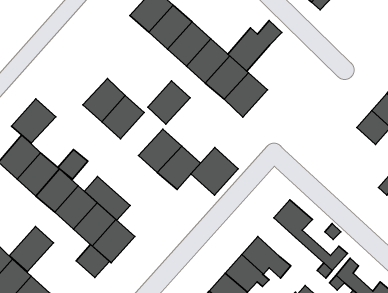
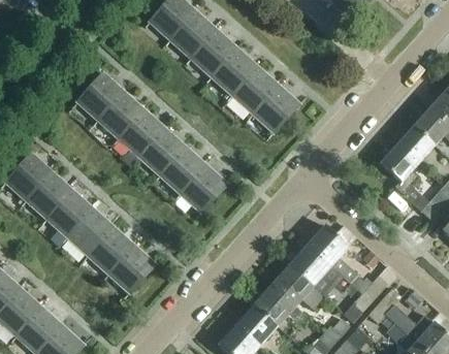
building: [228,21,282,71] -> none
building: [148,81,190,124] -> [138,127,185,174]
building: [11,99,56,143] -> [75,70,124,119]
building: none -> [380,143,421,195]
building: [191,148,238,195] -> none
building: [58,149,88,179] -> none
building: [84,176,130,220] -> none
building: none -> [289,243,330,285]
building: [9,226,54,272] -> none
building: [76,244,109,278] -> none

